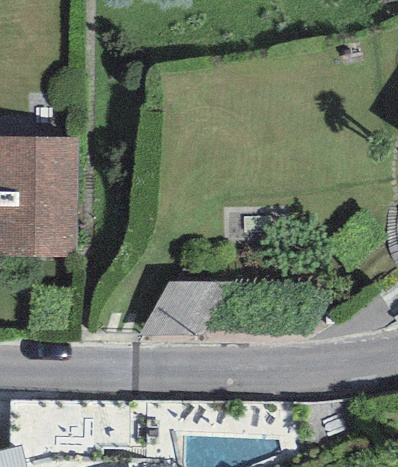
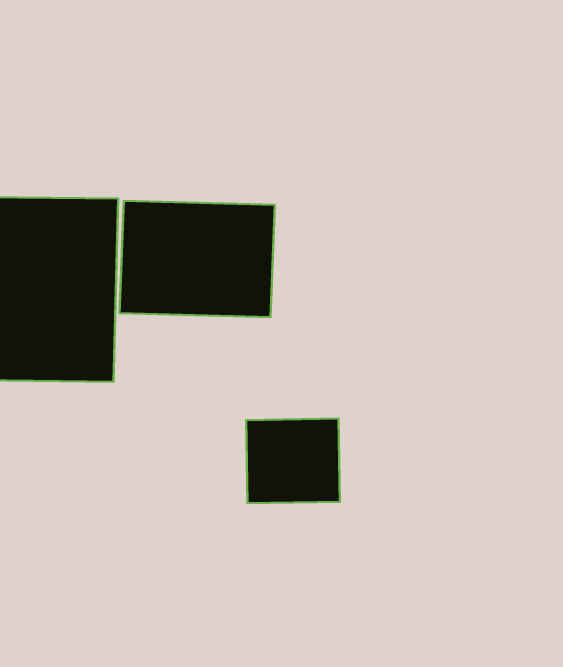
building: none -> [120,201,275,317]

